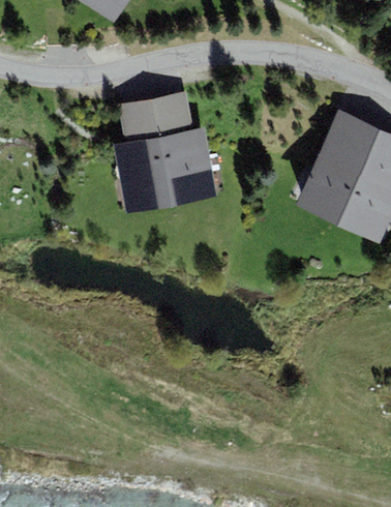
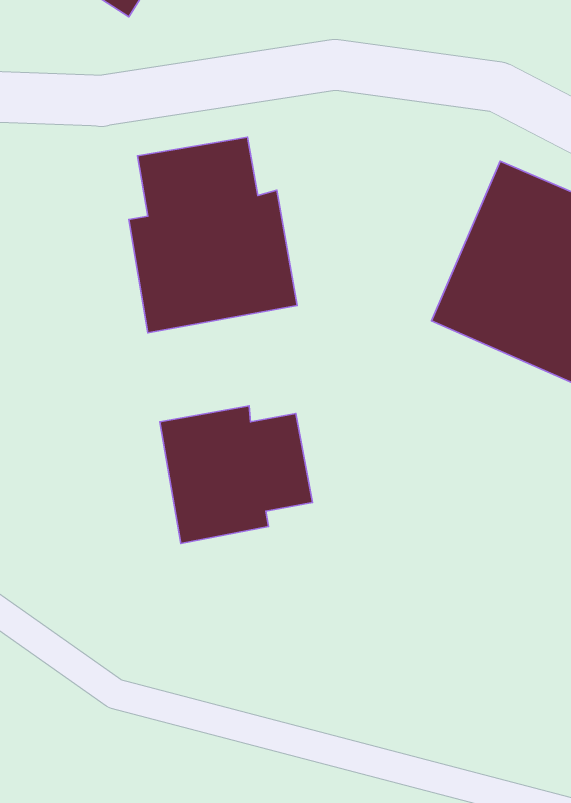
building: none -> [160,406,312,543]

